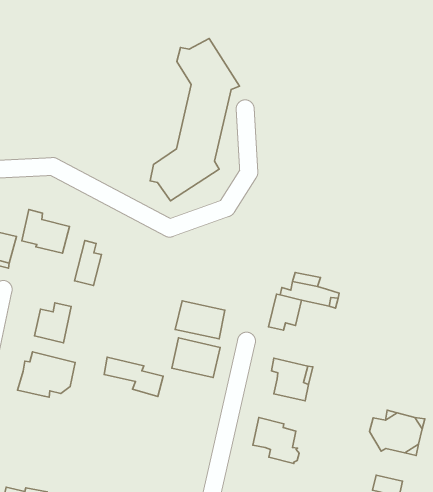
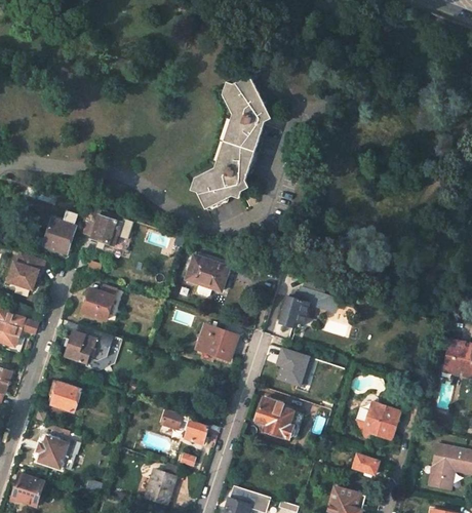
building: [75,241,101,286] -> none
building: [175,301,225,339] -> [185,255,228,290]
building: [104,357,163,396] -> [158,406,207,443]
building: none -> [50,381,80,411]

